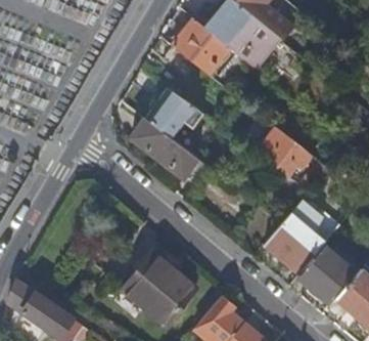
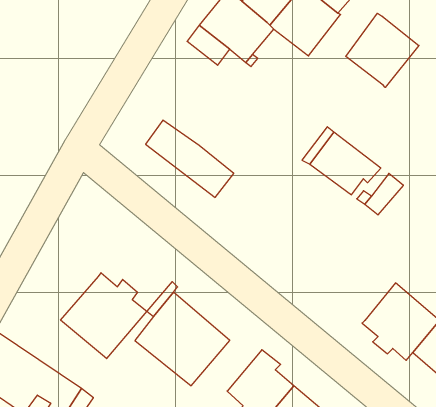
building: none -> [346,13,419,87]
building: [143,88,202,138] -> none
building: [265,194,339,272] -> none
building: none -> [61,273,147,359]

